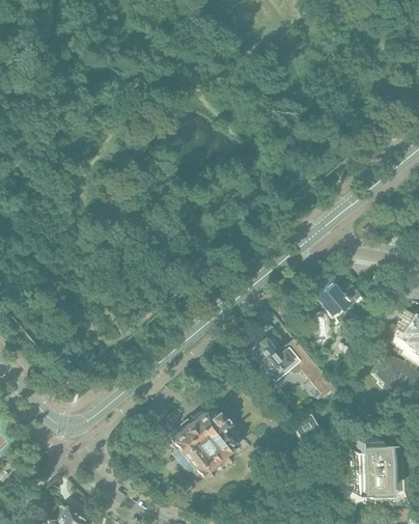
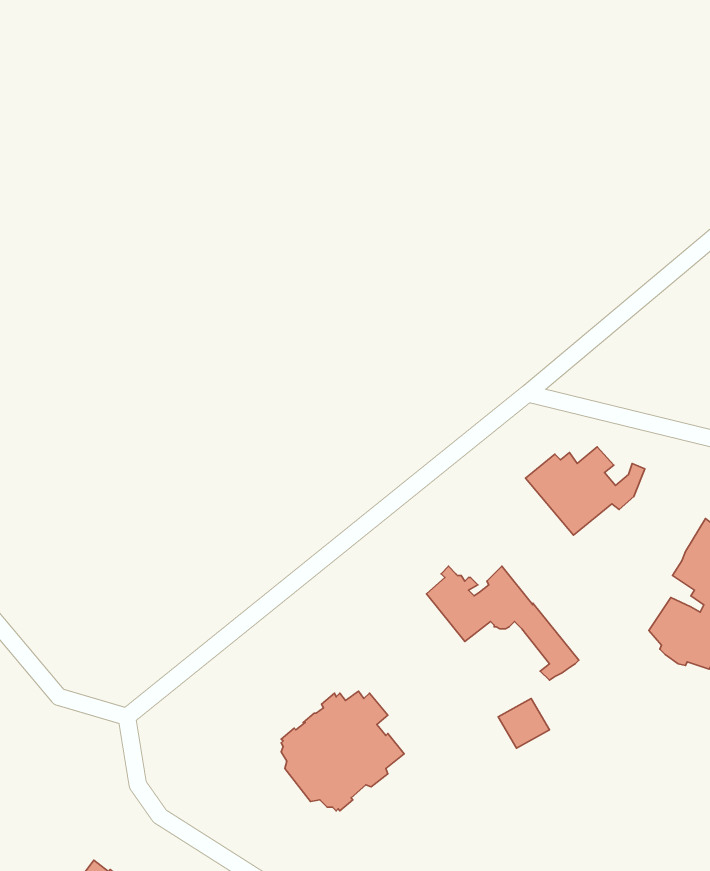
building: [356,439,394,496] -> none

